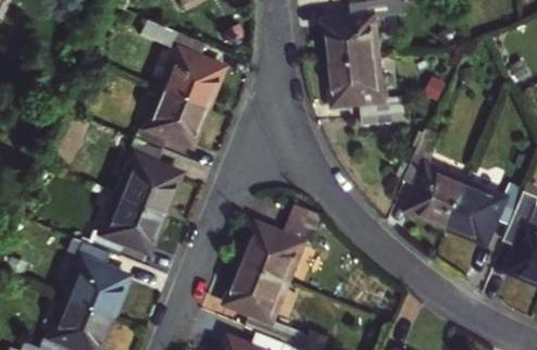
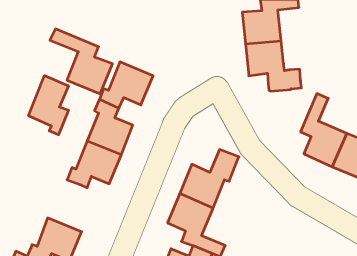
building: [139,20,223,107] -> [50,29,112,94]
building: none -> [29,76,68,135]
building: [65,241,126,315] -> none

